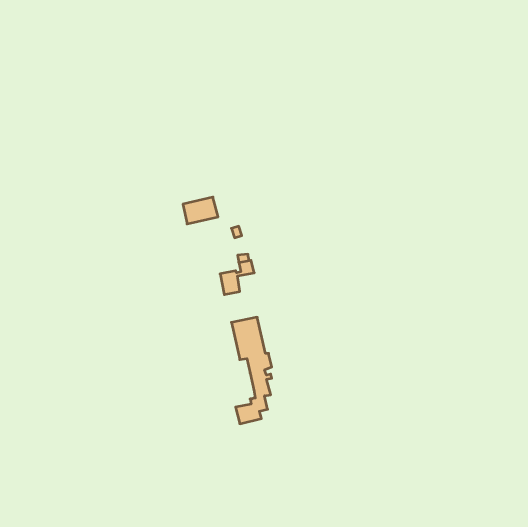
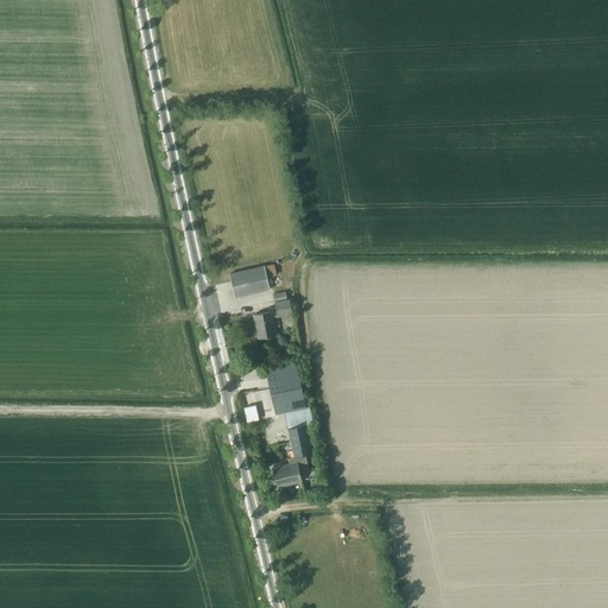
building: [183,197,218,224] -> [229,267,270,298]

